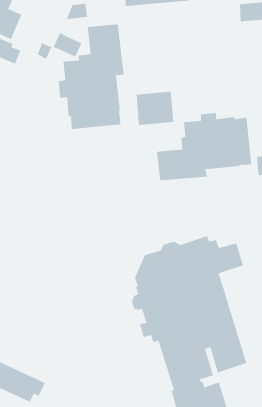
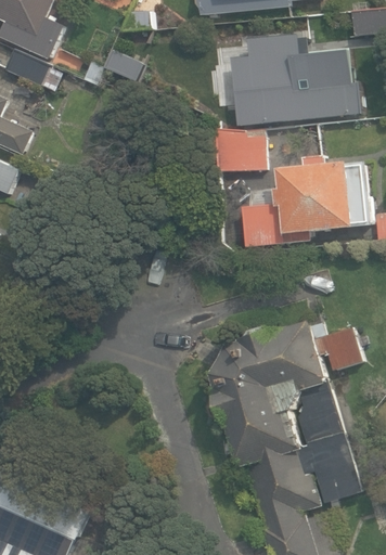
building: none -> [231,33,357,126]
building: [58,24,124,130] -> none

